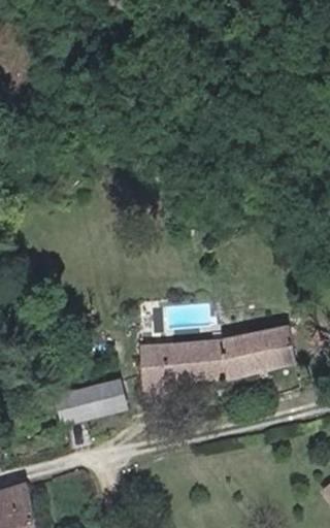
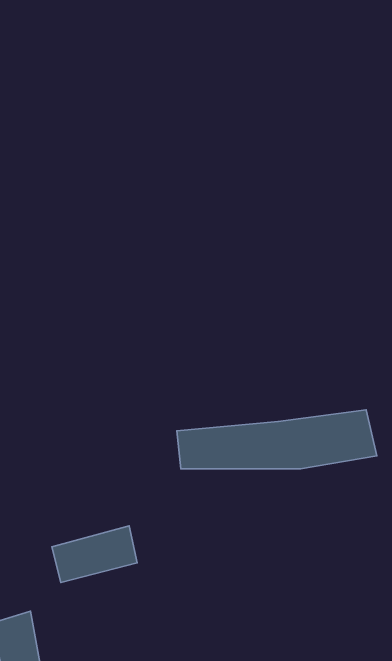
building: [58,378,125,423] -> [52,526,137,582]

